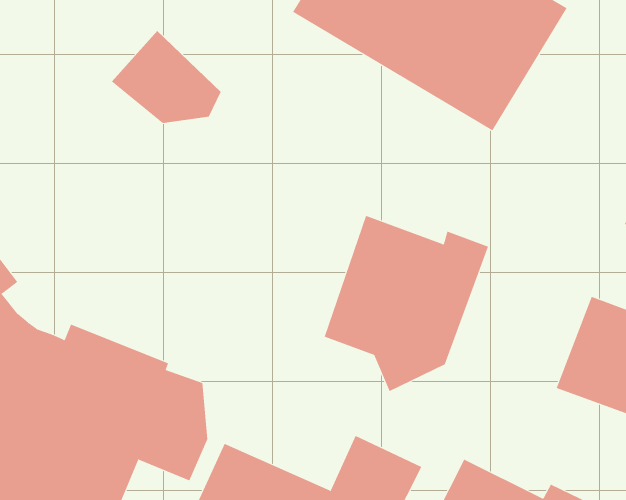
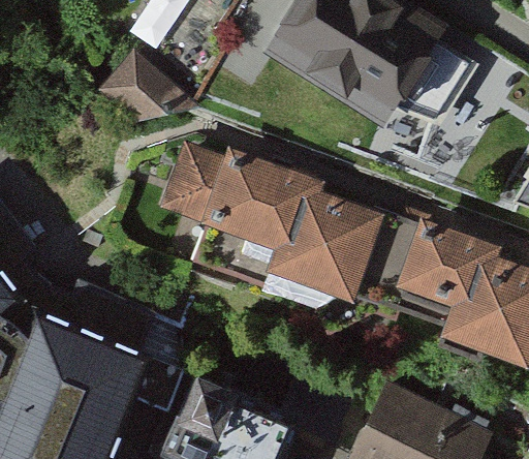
building: none -> [162,135,314,293]
building: none -> [374,221,492,333]

